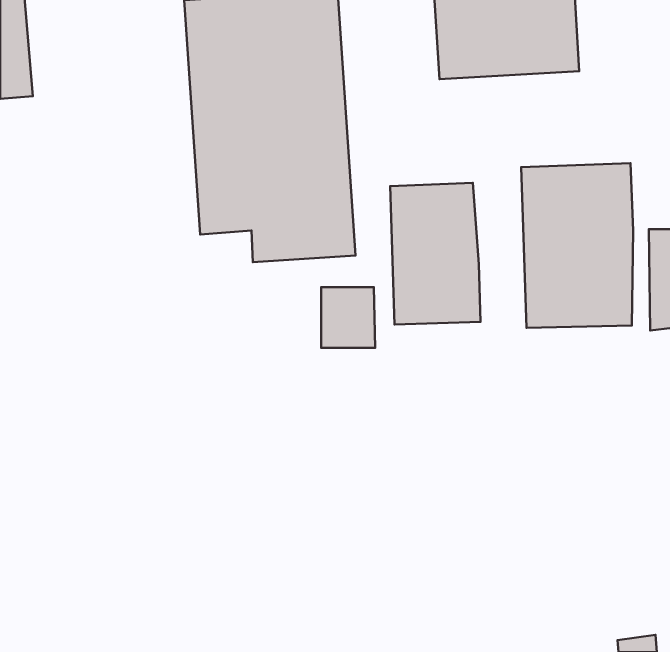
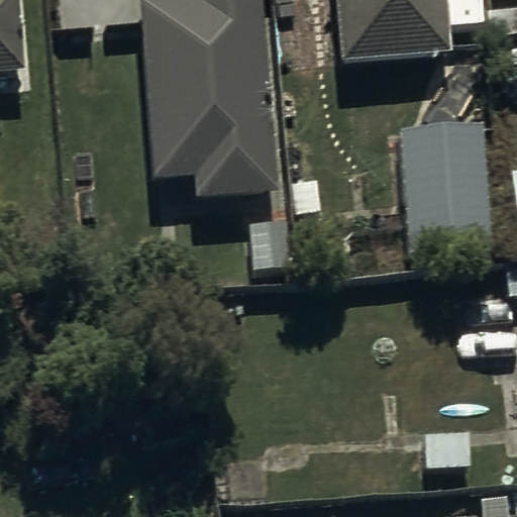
building: [390,183,480,324] -> none

